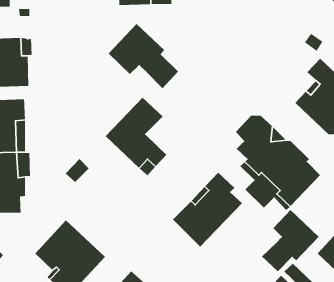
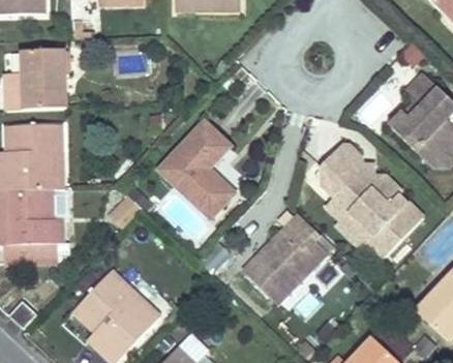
building: [108,23,179,89] -> none
building: [261,209,319,272] -> none

